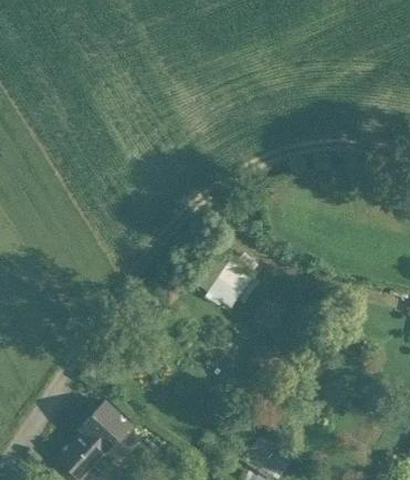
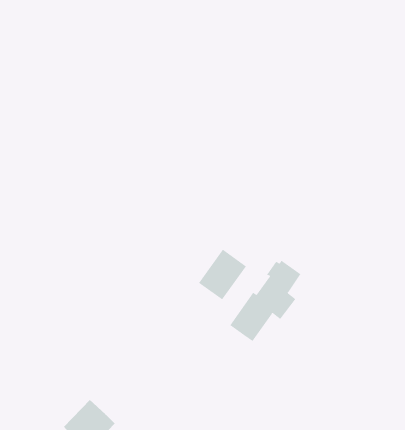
building: none -> [229,260,301,342]

